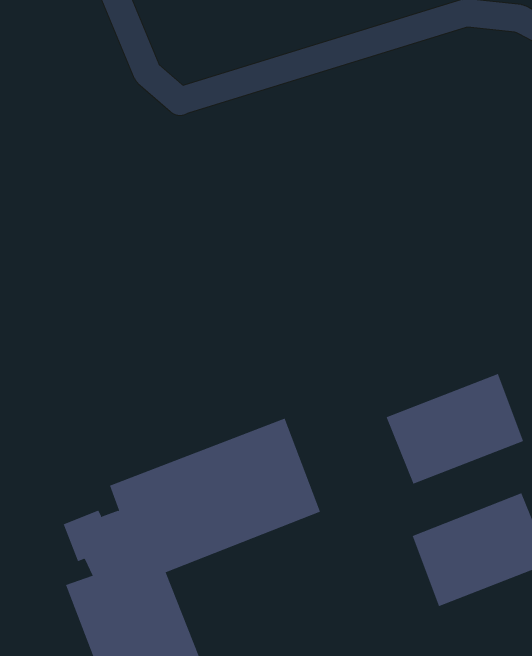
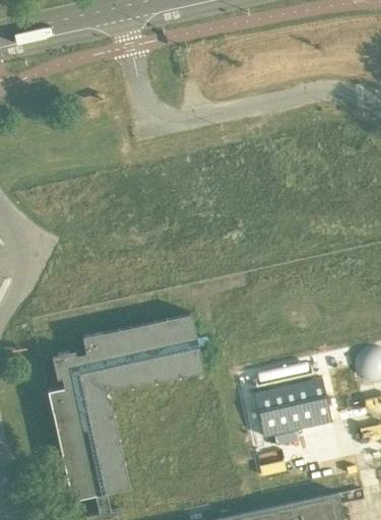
building: [386,373,524,484] -> none

